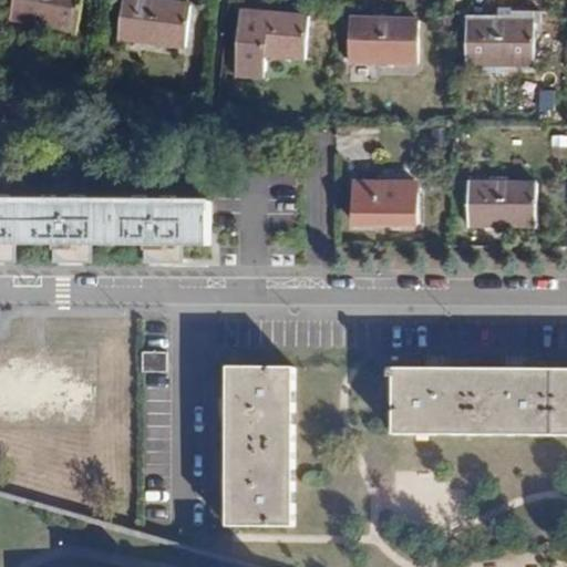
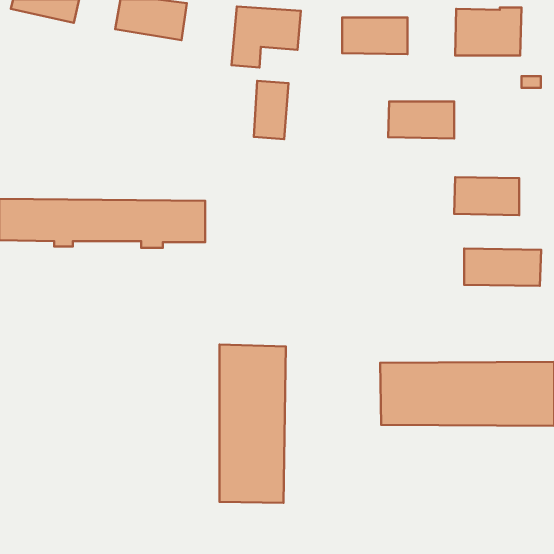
building: none -> [254,81,289,139]
building: [347,181,414,218] -> [388,101,454,138]
building: none -> [464,248,541,286]

